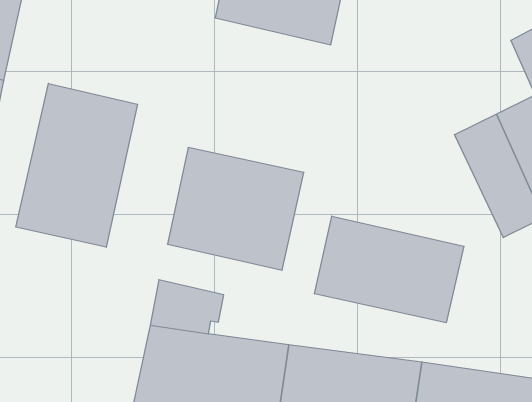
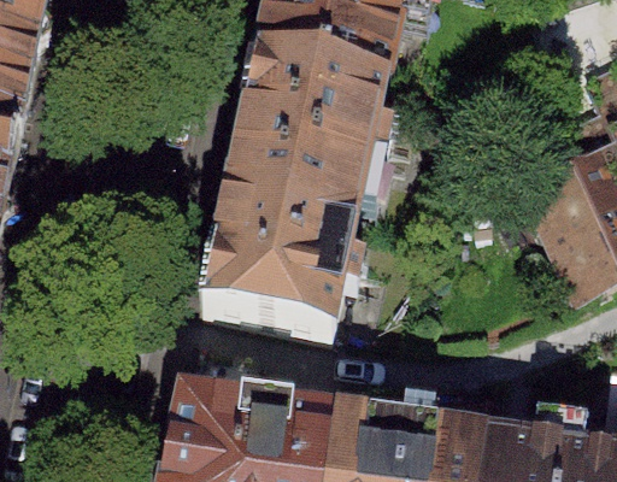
building: none -> [225,53,384,225]
building: [16,83,138,247] -> none
building: [315,216,464,323] -> none

